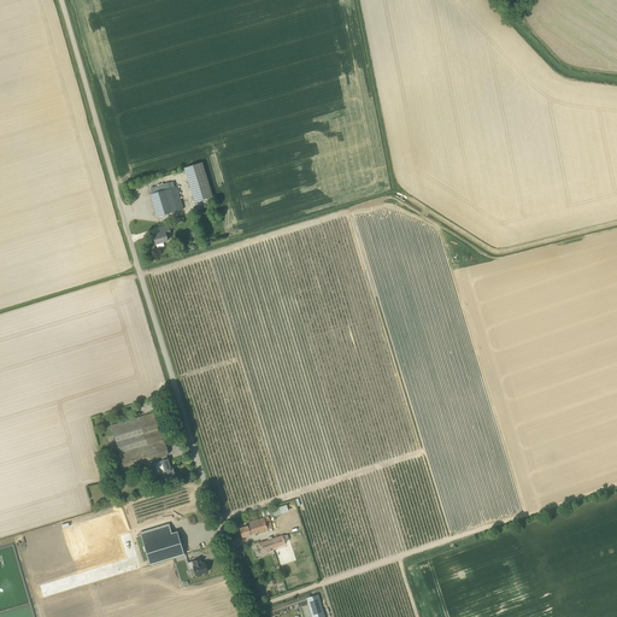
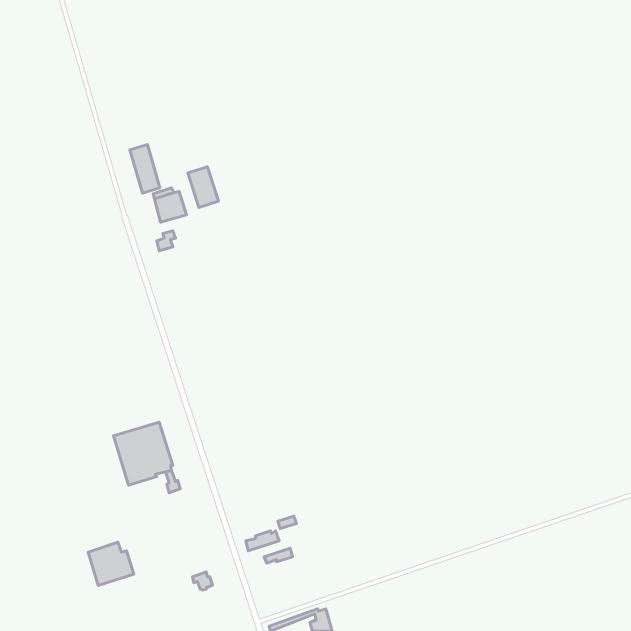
building: none -> [130,145,160,193]
building: [140,523,184,565] -> [88,542,134,585]

